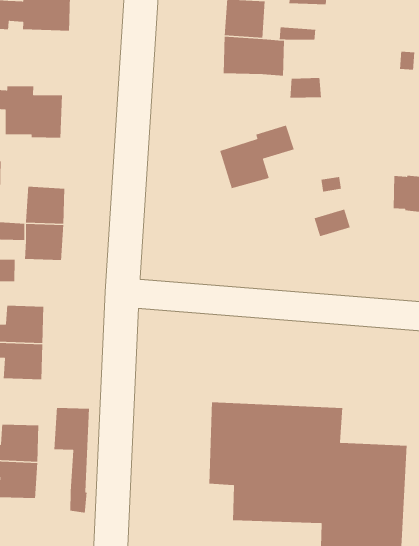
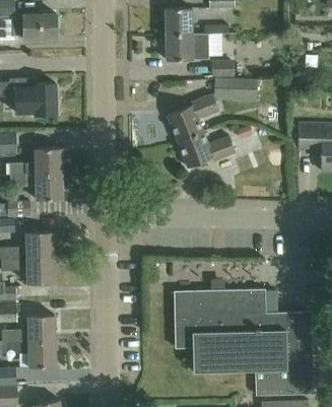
building: none -> [228,77,257,101]
building: none -> [177,132,236,168]
building: [54,407,90,513] -> none

